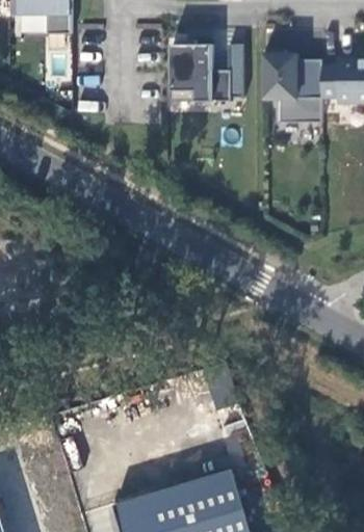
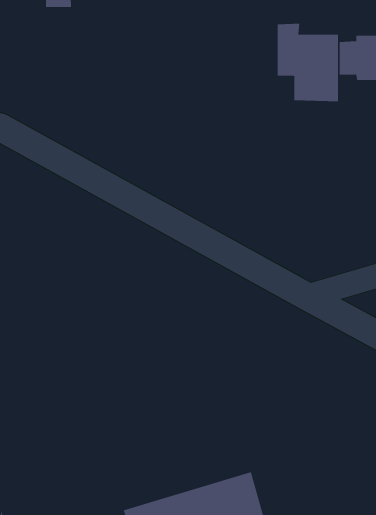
building: [168,43,228,101] -> none

